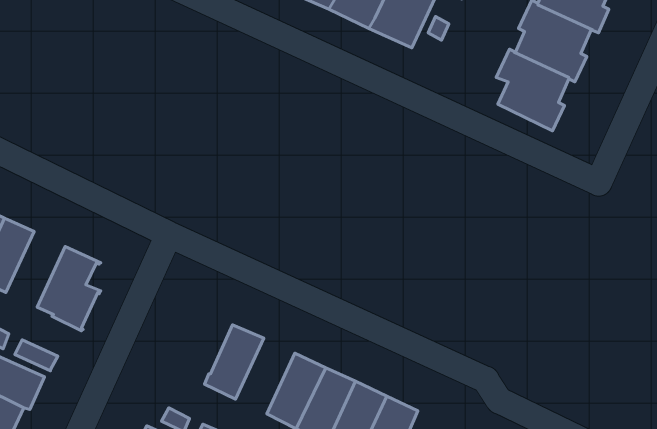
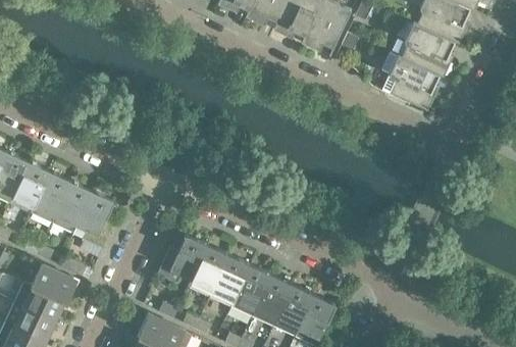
building: none -> [51,181,92,233]
building: none -> [156,234,207,283]
building: none -> [209,254,250,306]

